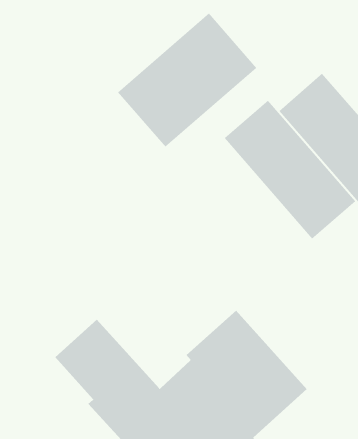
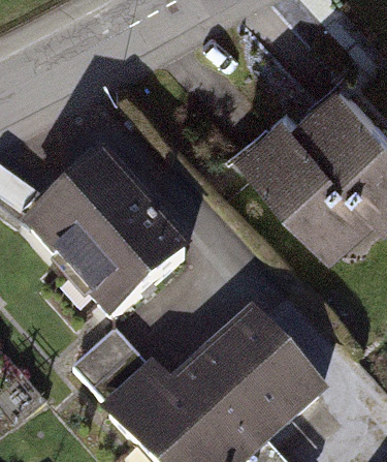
building: [117,13,257,148] -> none
building: none -> [31,166,185,321]

